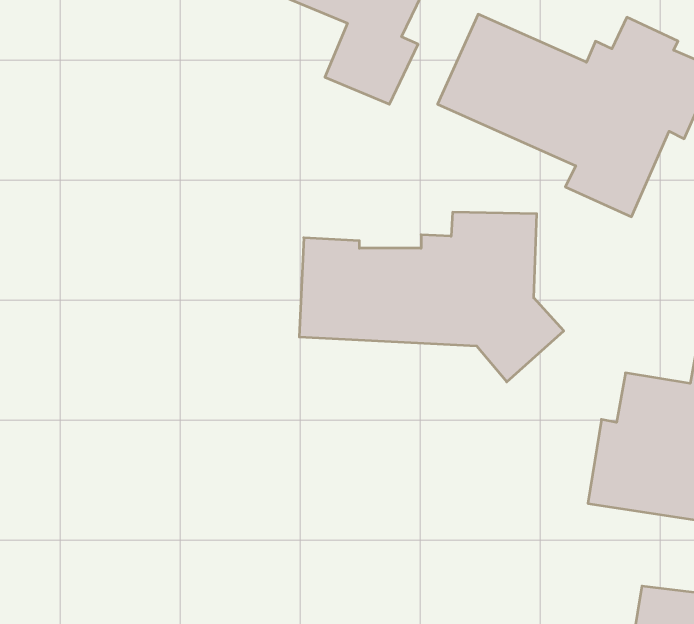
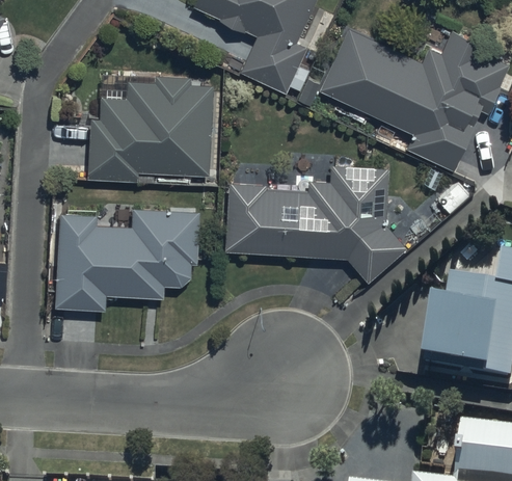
building: none -> [88,75,209,180]
building: none -> [54,208,199,311]

